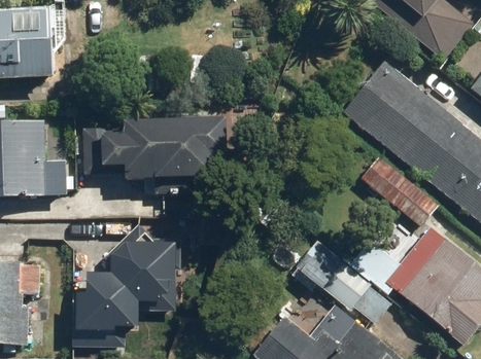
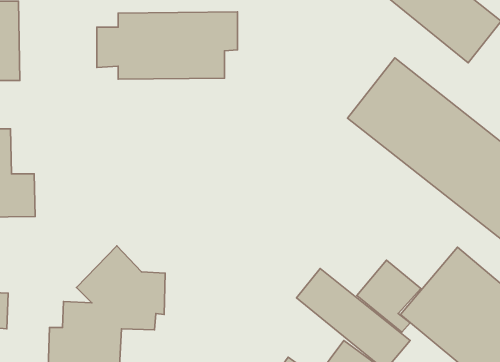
building: [105,117,228,176] -> [97,12,238,79]
building: [357,153,439,226] -> none

